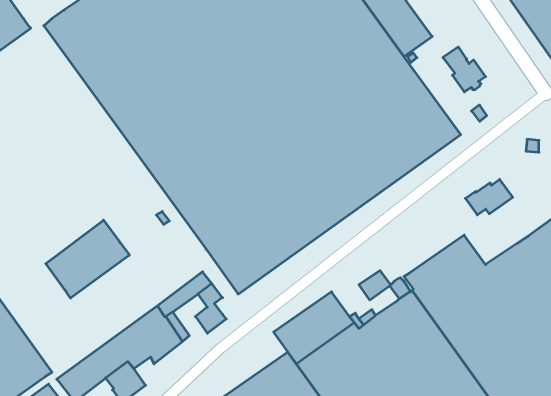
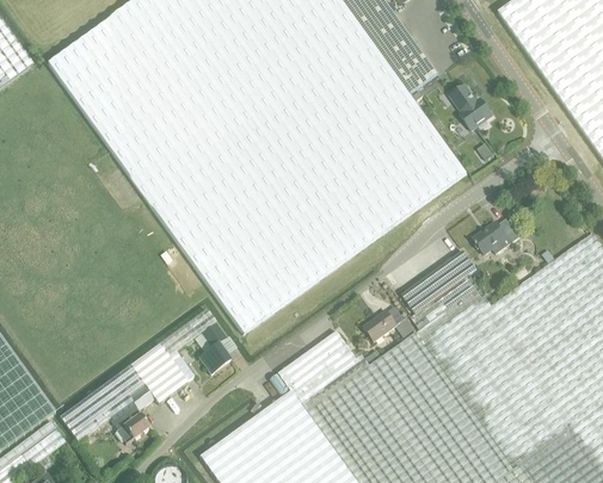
building: none -> [402,250,476,312]
building: [46,220,129,298] -> none

